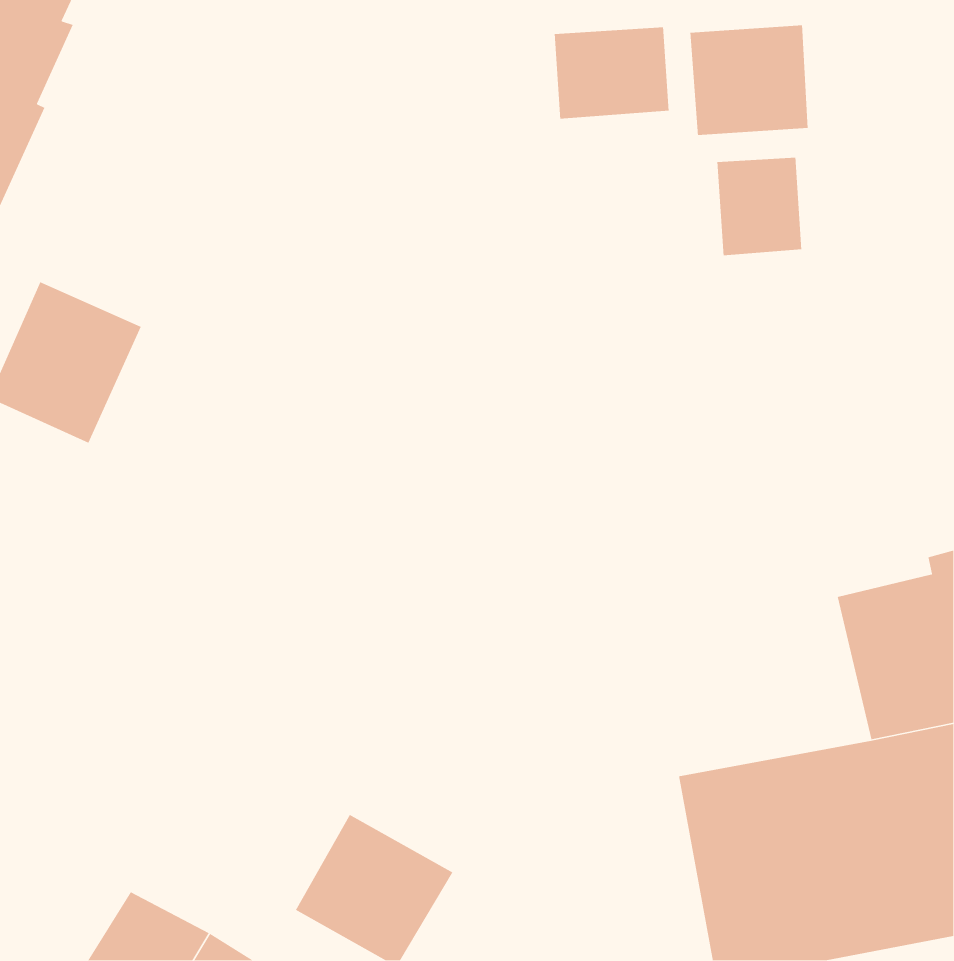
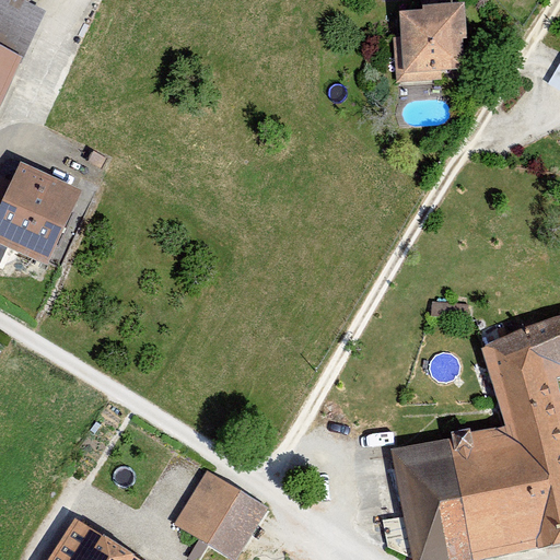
building: [554,27,669,119] -> none
building: [717,157,802,256] -> none

